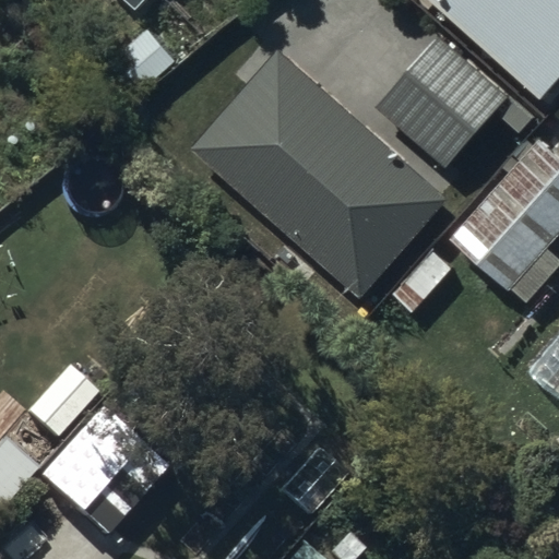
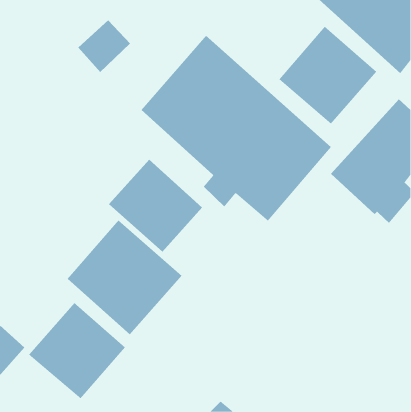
building: none -> [108,159,203,253]
building: none -> [67,220,183,335]

